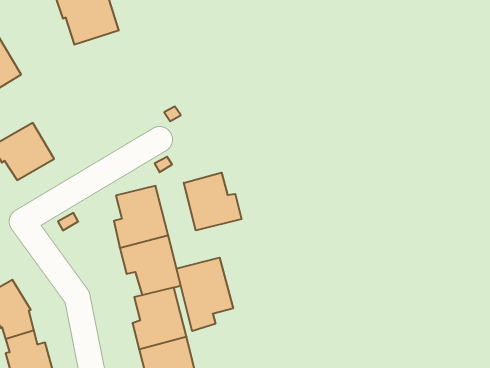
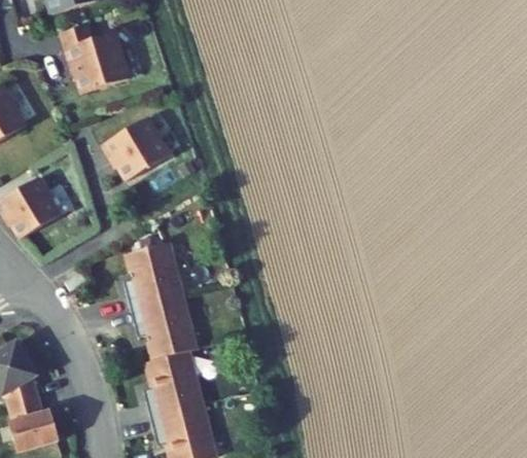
building: none -> [102,118,167,179]
building: [184,173,242,230] -> none
building: [177,258,233,331] -> none

